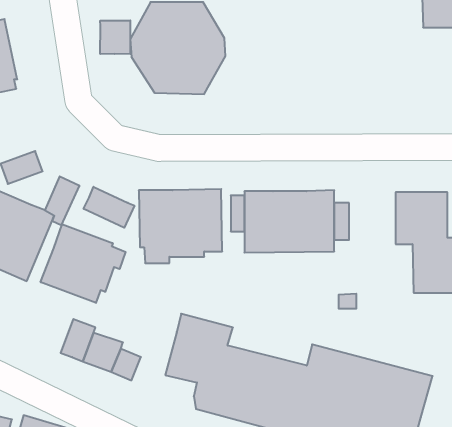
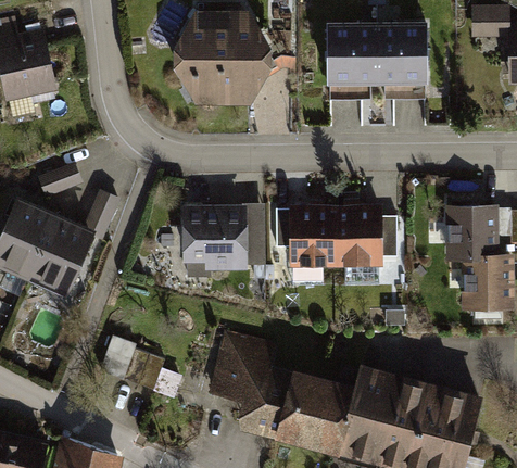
building: none -> [324,18,430,85]
building: [100,20,130,54] -> none
building: [84,187,134,228] -> none
building: [41,224,126,303] -> none

